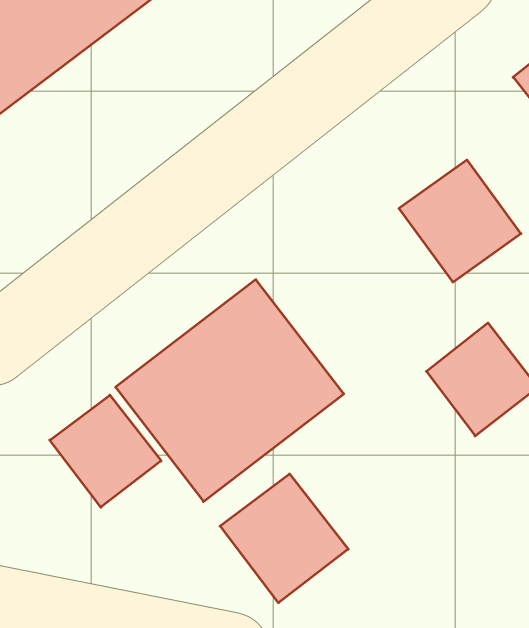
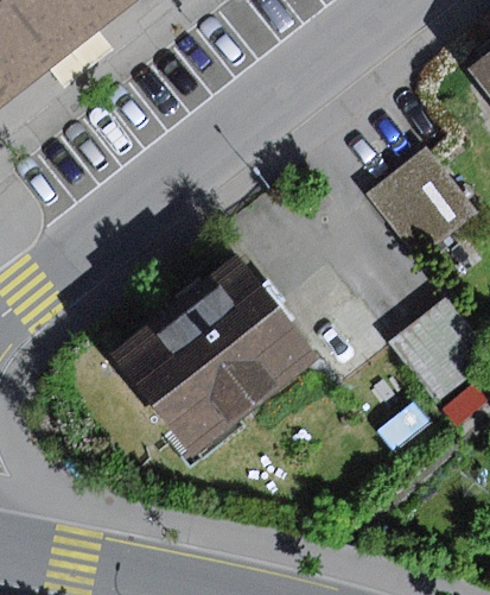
building: [50,395,161,507] -> none
building: [220,474,348,603] -> none

